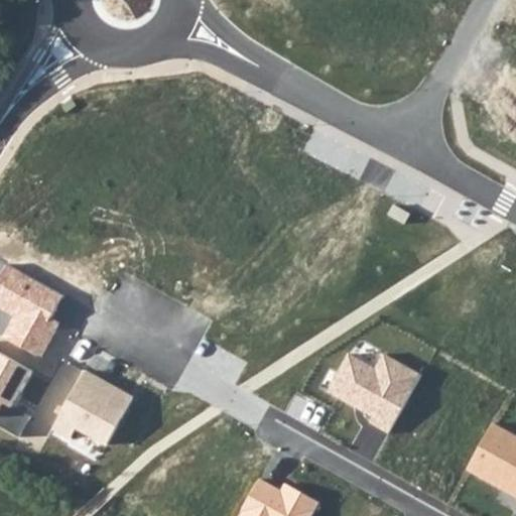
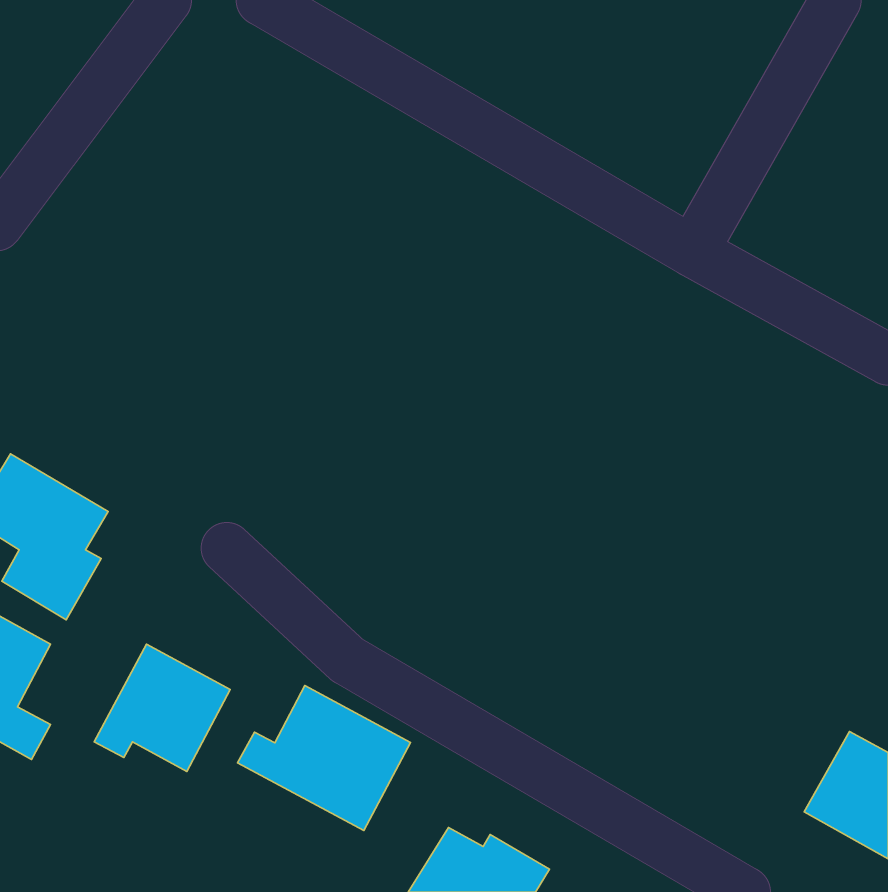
building: [326,353,420,436] -> none
building: none -> [238,685,410,831]

